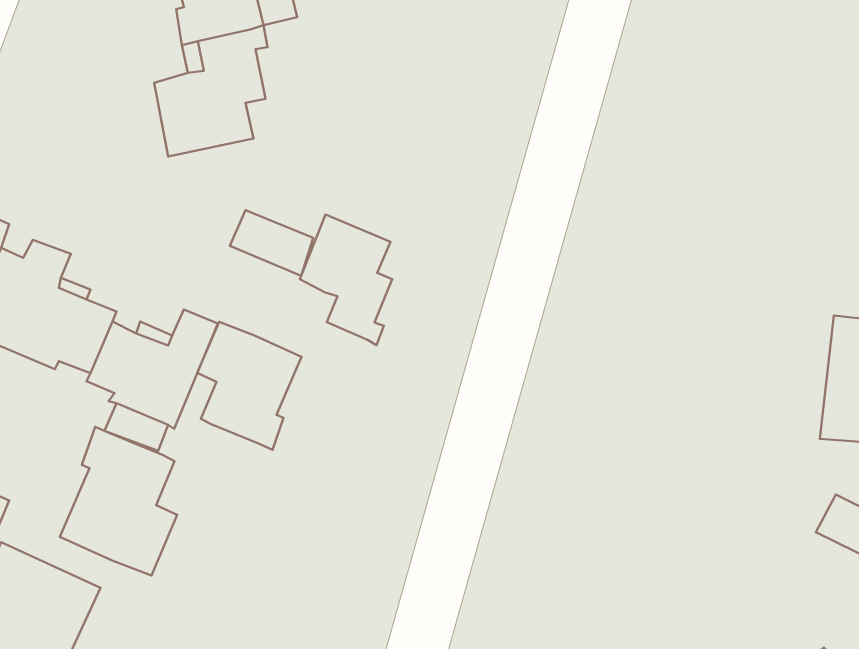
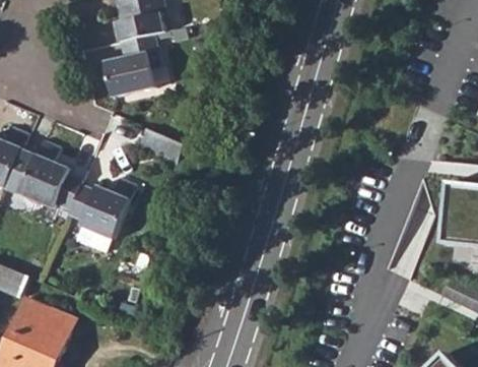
building: [300,215,392,345] -> none
building: [197,322,301,450] -> none
building: [60,427,177,575] -> none

